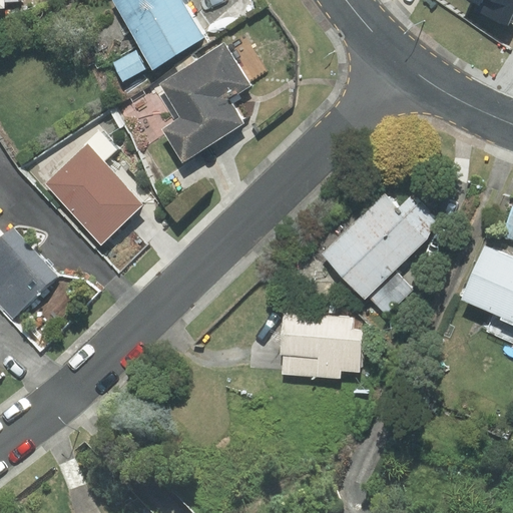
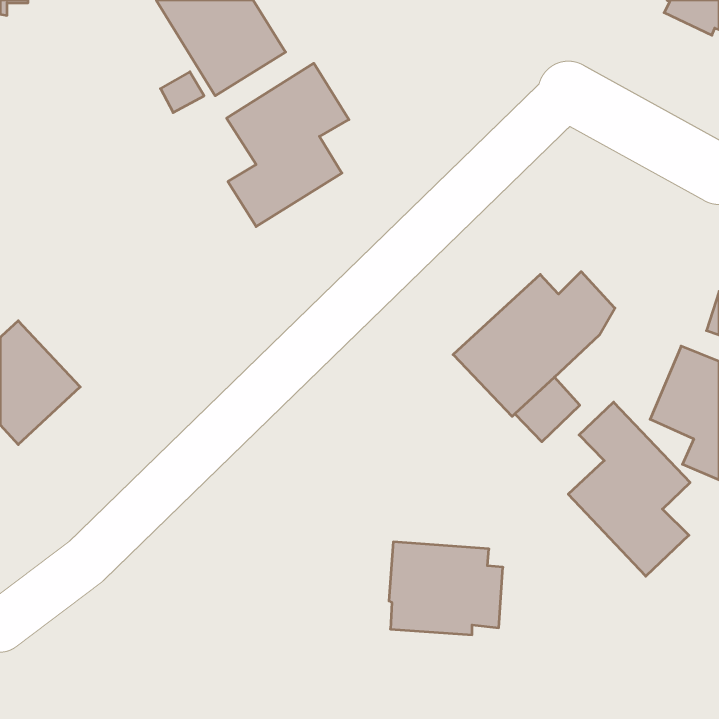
building: [45,132,142,243] -> none
building: none -> [568,402,690,576]
building: [282,312,363,378] -> [389,542,503,635]

